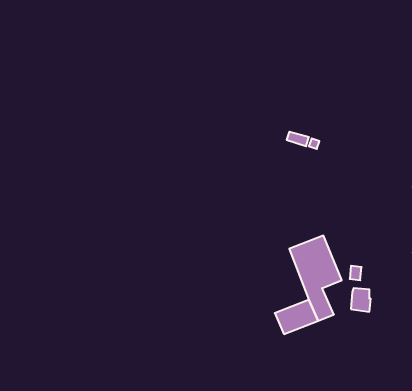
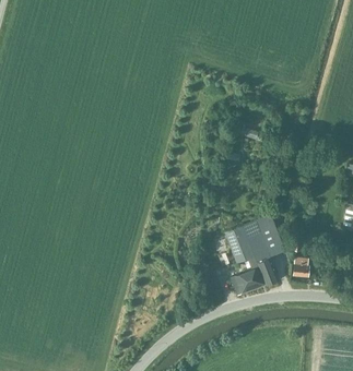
building: none -> [224,225,254,263]

